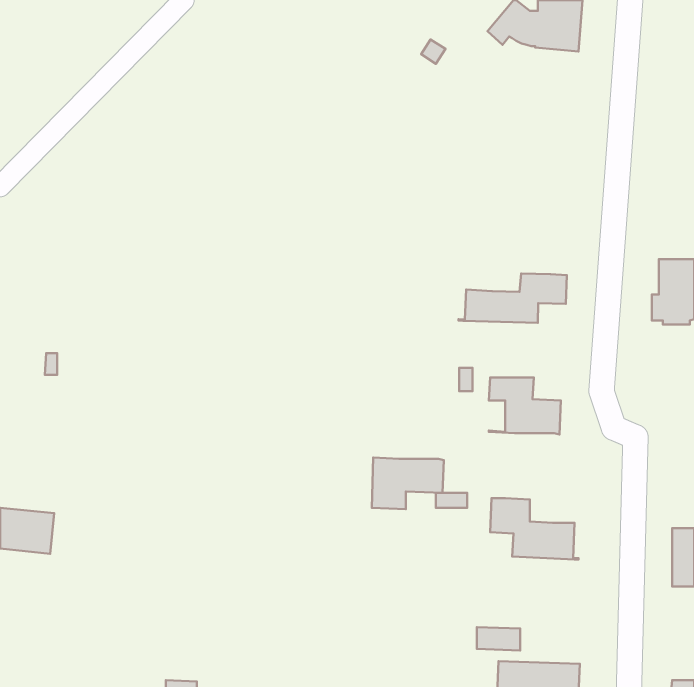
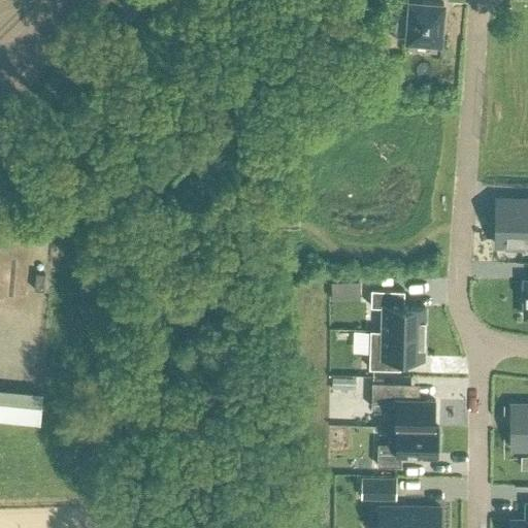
building: [458,273,567,323] -> none
building: [372,458,444,509] -> [370,333,425,372]
building: none -> [378,428,439,469]

